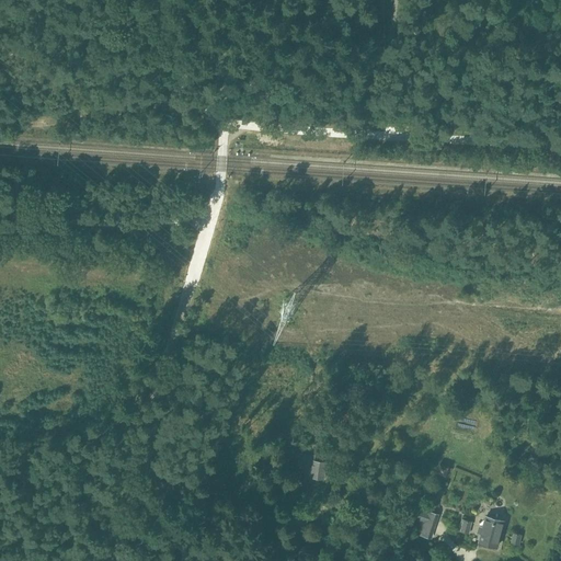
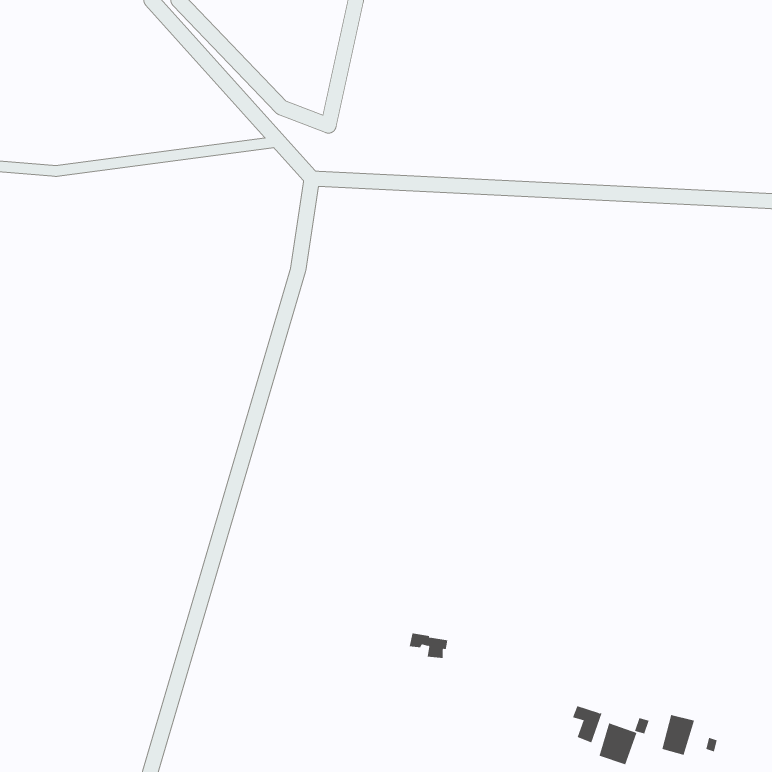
building: none -> [599,722,637,765]

